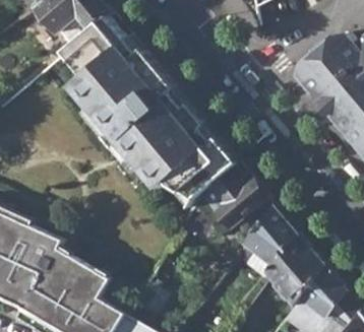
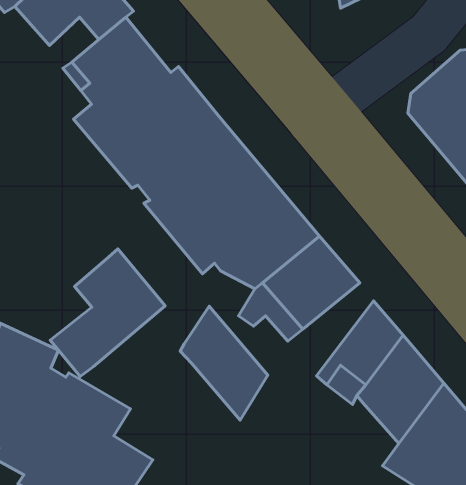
building: none -> [50,249,165,377]
building: none -> [180,306,268,420]

